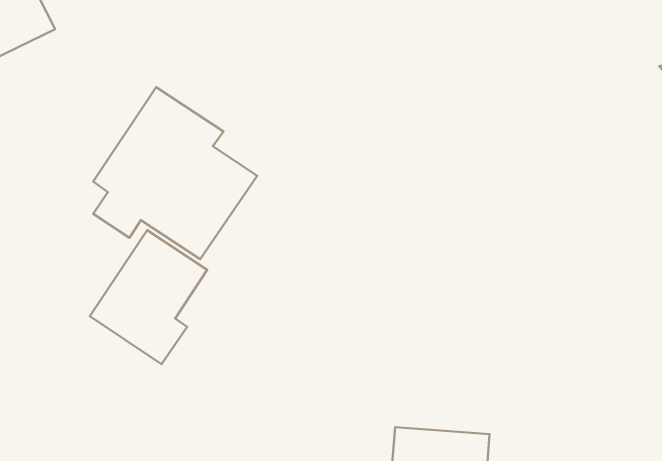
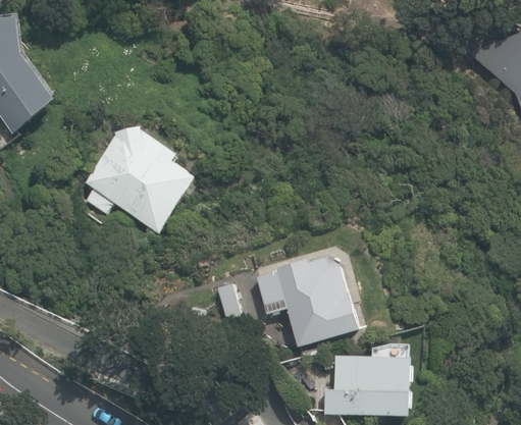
building: [90,230,207,364] -> none
building: none -> [250,244,352,340]

